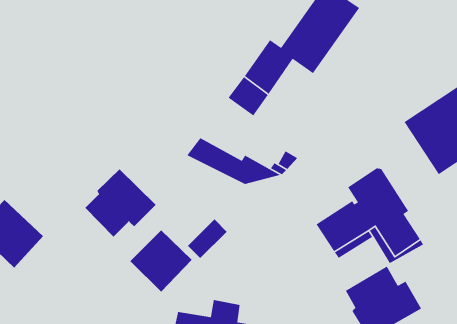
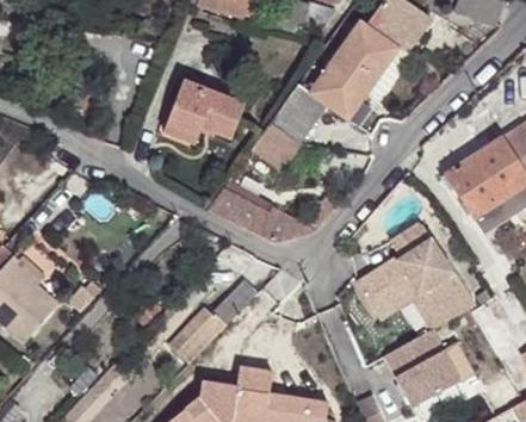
building: none -> [163,79,246,141]
building: [85,169,156,238] -> none

